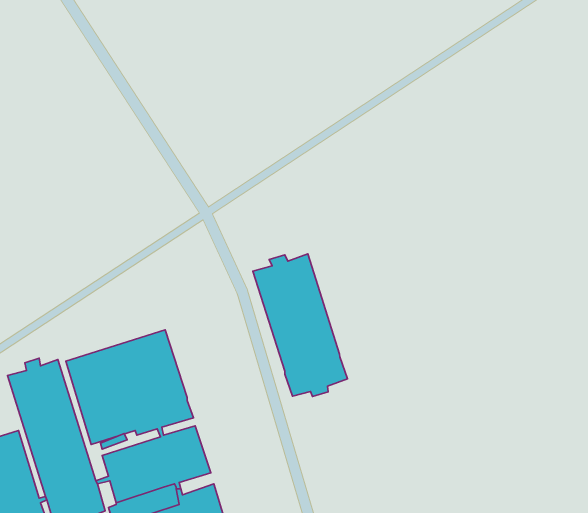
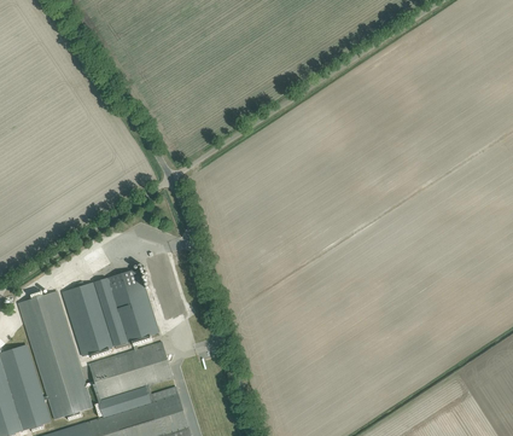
building: [253,254,347,397] -> none

